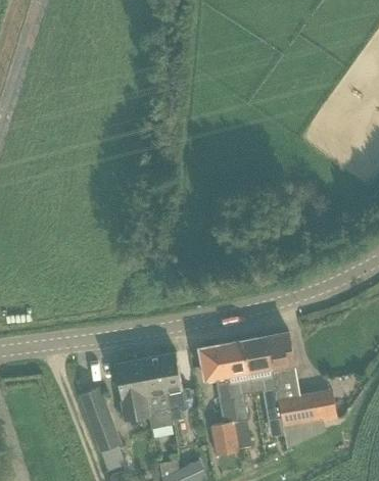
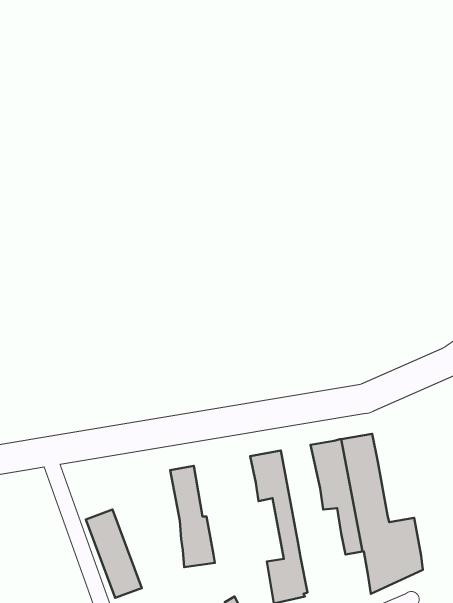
building: [221,340,251,422] -> none
building: [157,352,190,420] -> none
building: [114,358,149,421] -> none

